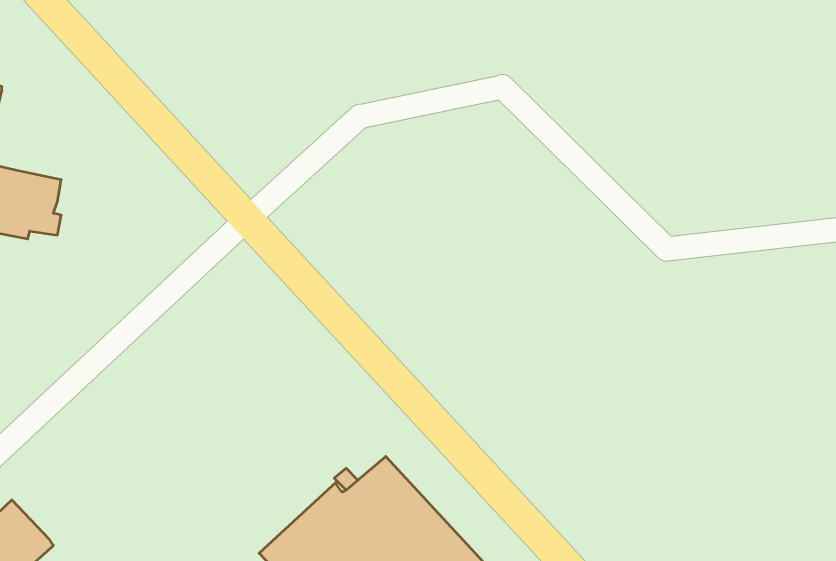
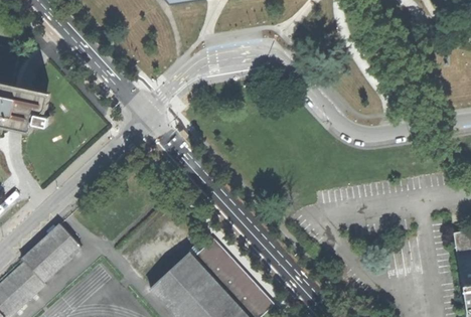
building: none -> [23,222,82,279]

